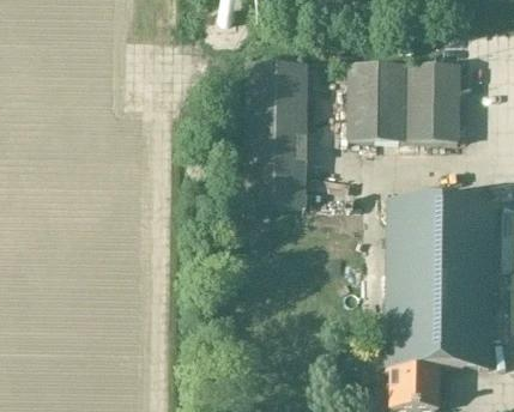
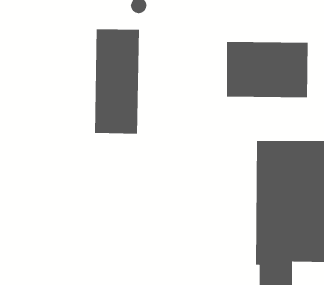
building: [246,61,308,206] -> [94,28,140,134]

